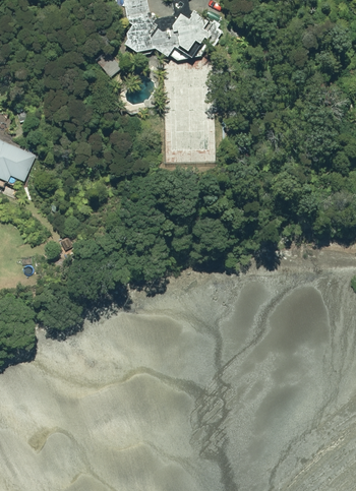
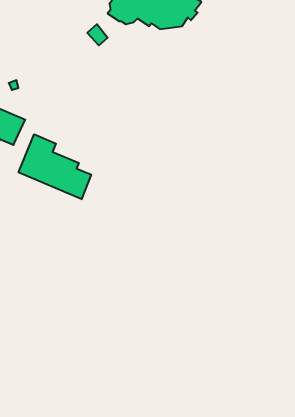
building: none -> [19,134,91,199]

